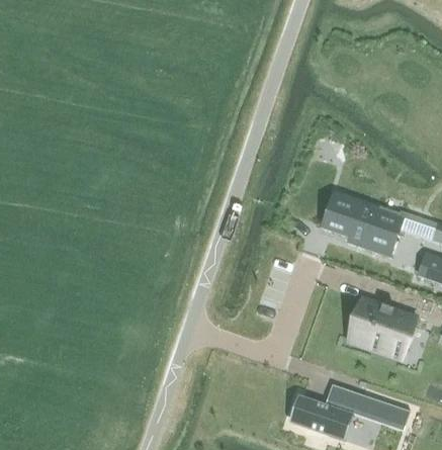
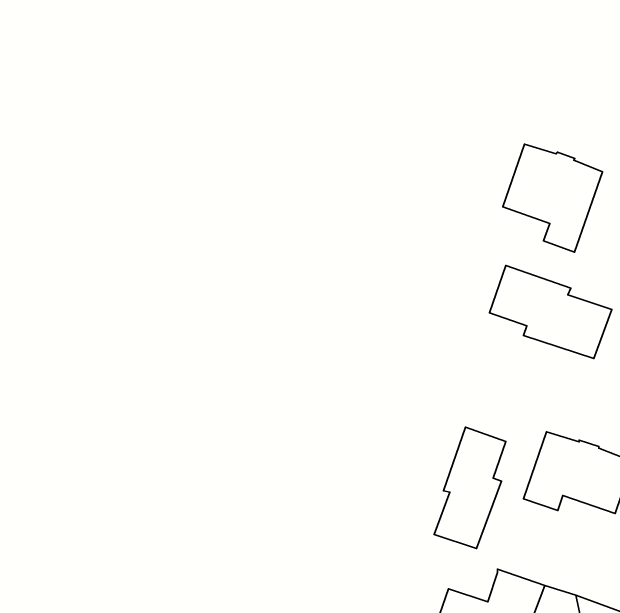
building: none -> [503,144,602,252]
building: none -> [434,427,506,549]

